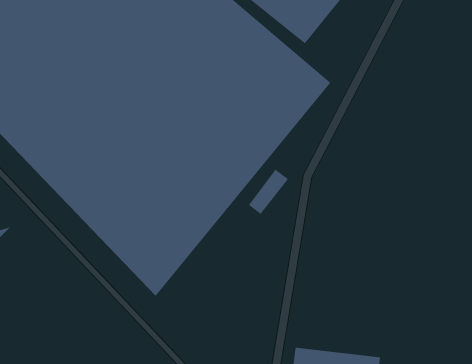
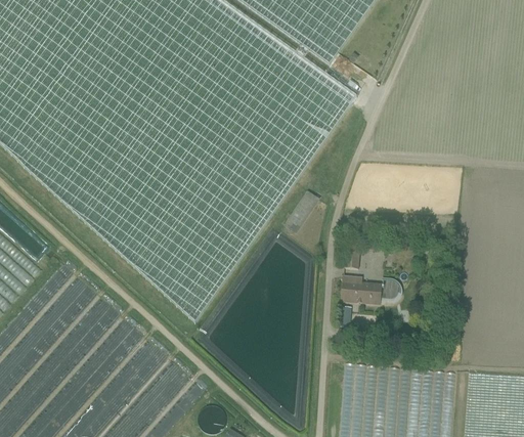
building: none -> [340,269,402,299]

